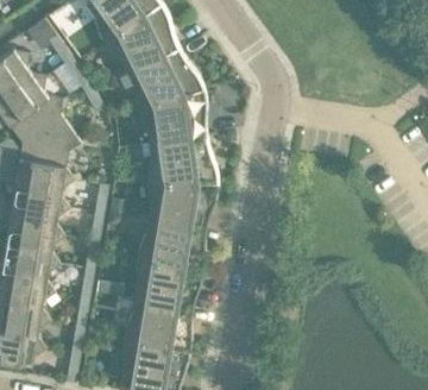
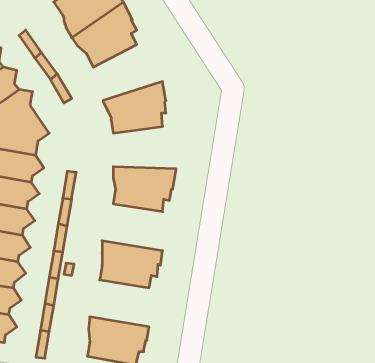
building: [125,49,199,108] -> none
building: [146,136,213,181] -> none
building: [134,218,201,268] -> none
building: [121,298,188,348] -> none

